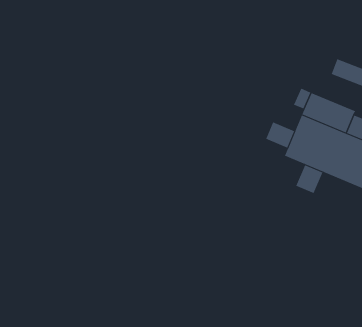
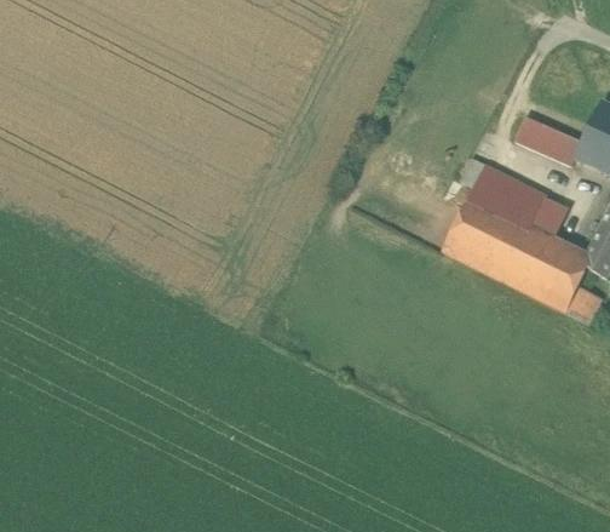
building: [266,122,295,148] -> none
building: [296,164,323,194] -> none

